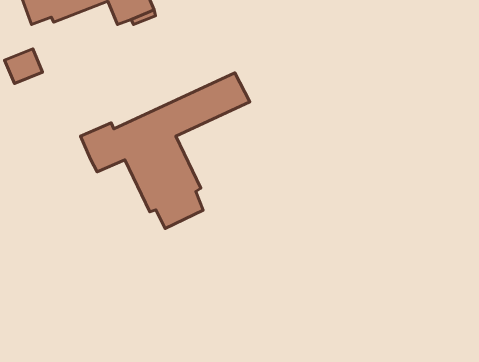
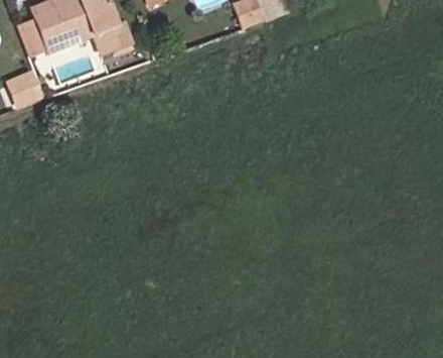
building: [81,73,250,228] -> none

